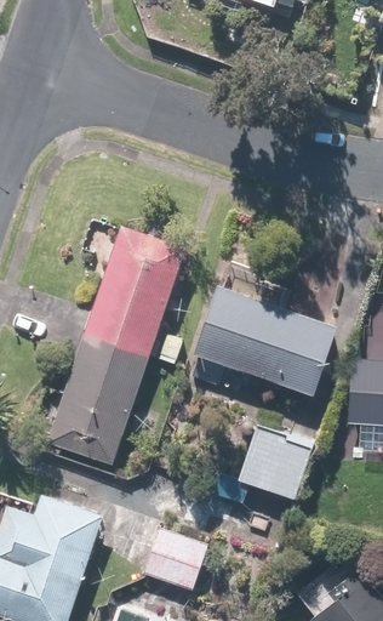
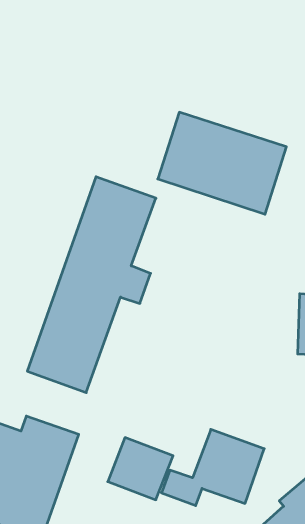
building: [195,280,341,395] -> [158,112,286,214]
building: [202,420,319,506] -> [161,429,264,506]

